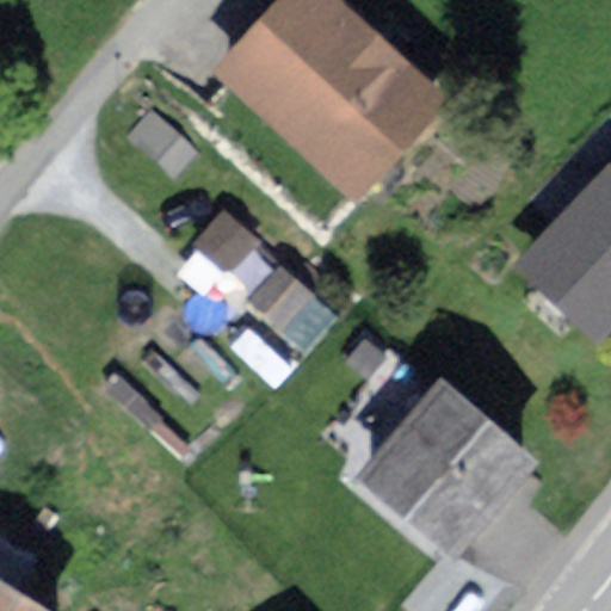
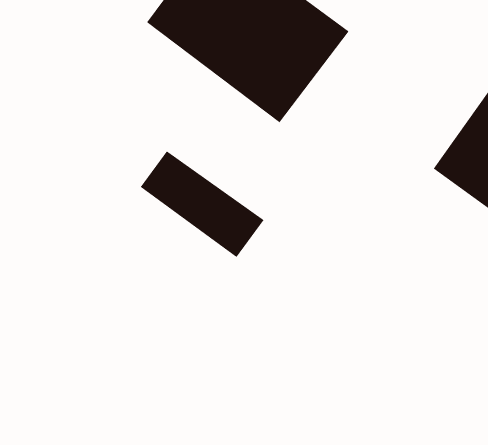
building: [358,379,536,557] -> none

